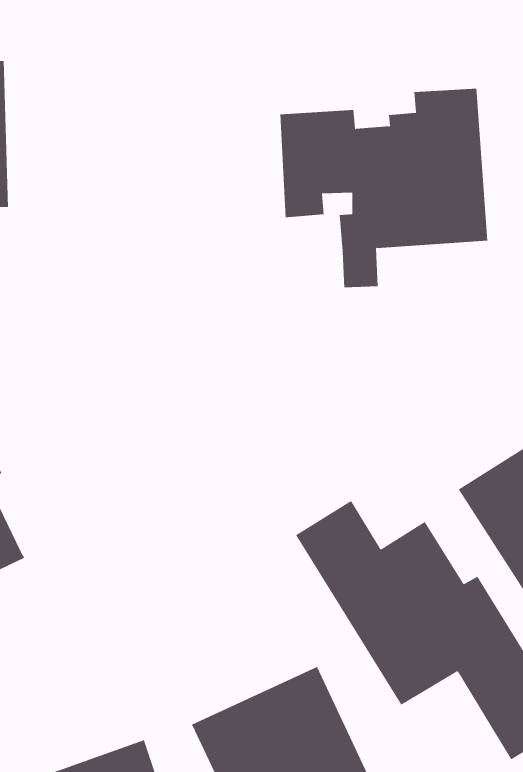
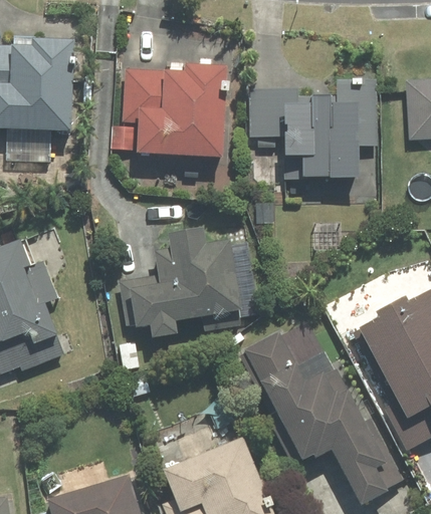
building: none -> [105,61,229,158]
building: none -> [119,227,244,335]

